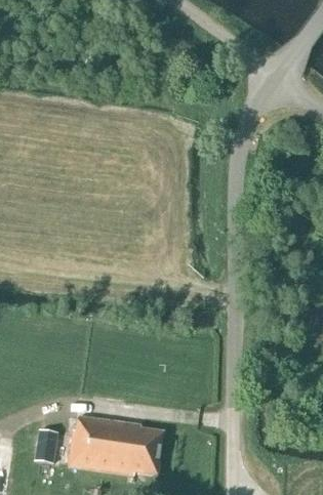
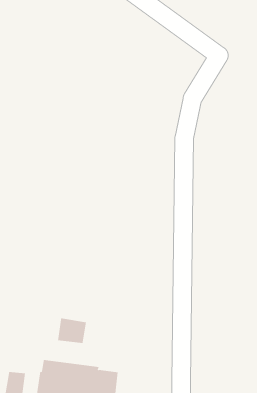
building: none -> [58,317,87,344]

